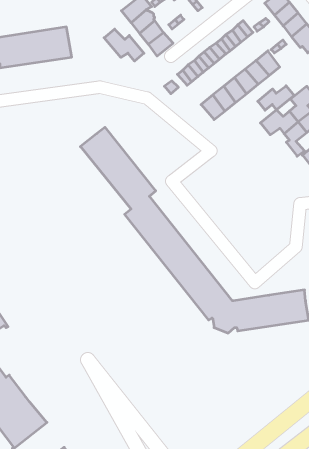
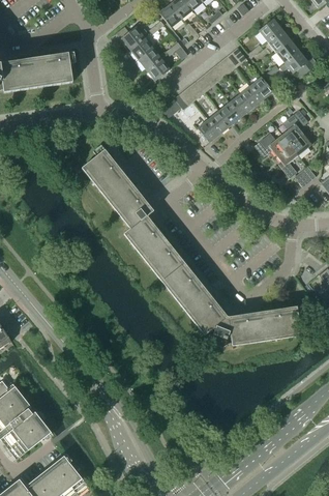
building: [104,29,144,61] -> none
building: [258,86,294,110] -> none

